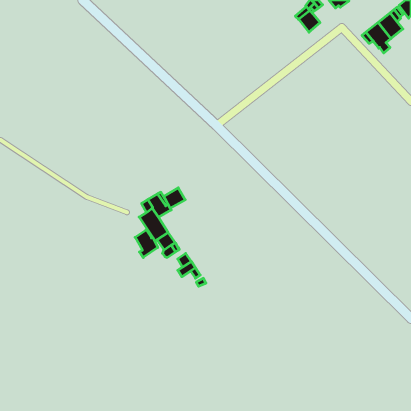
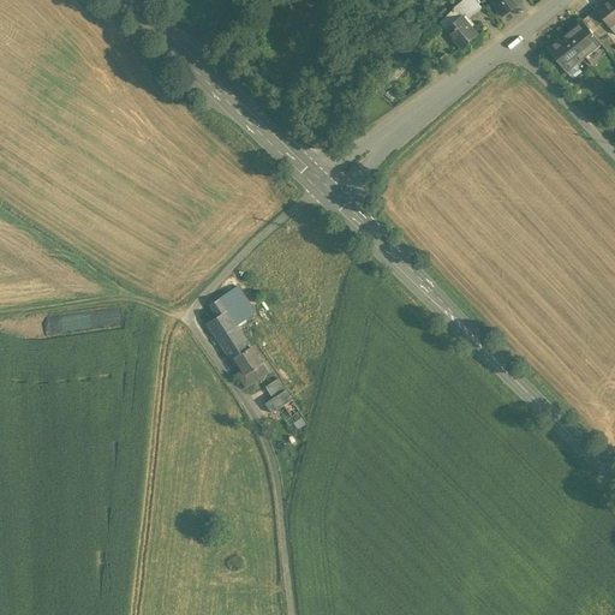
building: [164,188,185,208] -> none
building: [135,230,158,258] -> none

